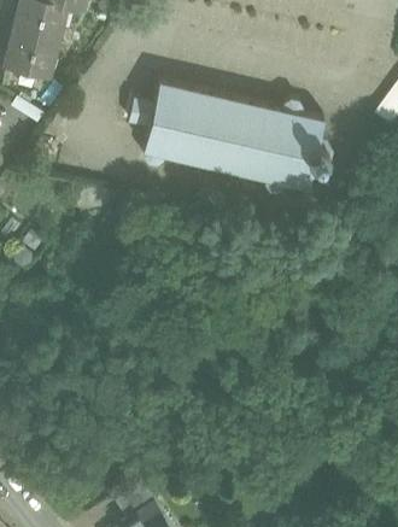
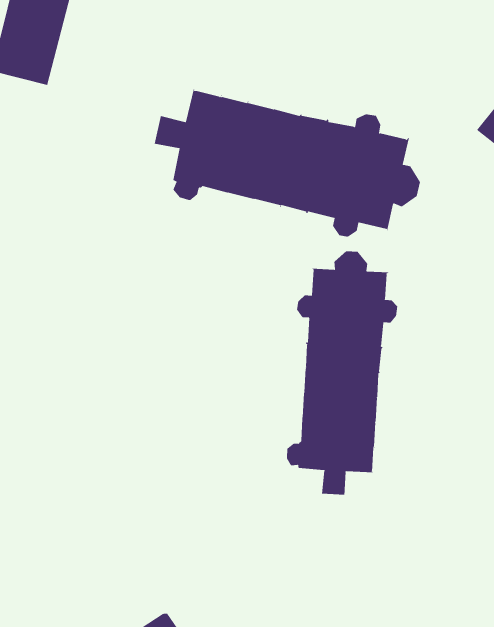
building: none -> [286,250,398,496]

